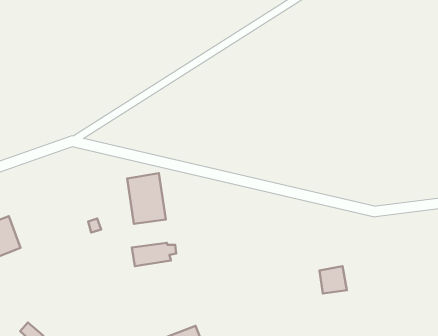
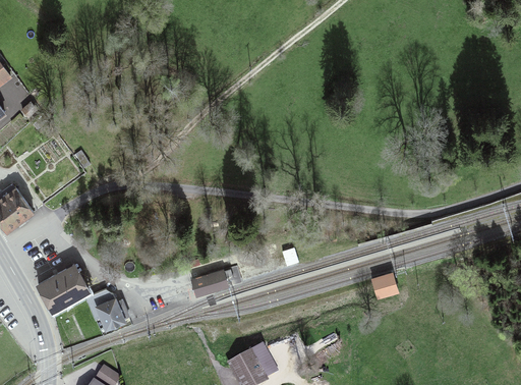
building: [127,173,166,224] -> none
building: none -> [96,295,125,327]

